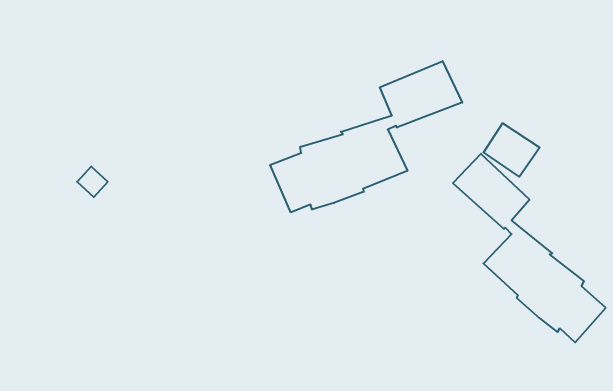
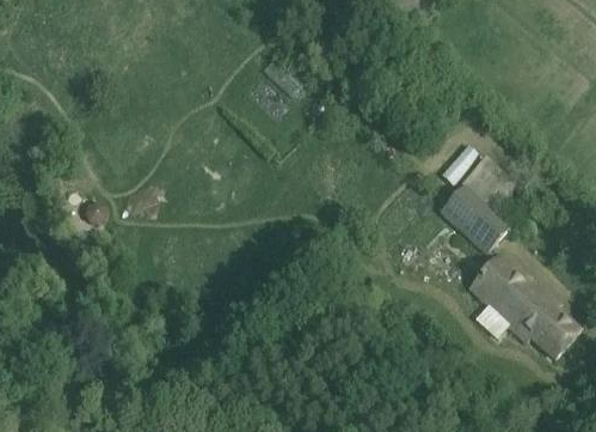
building: [270,61,462,212] -> none

